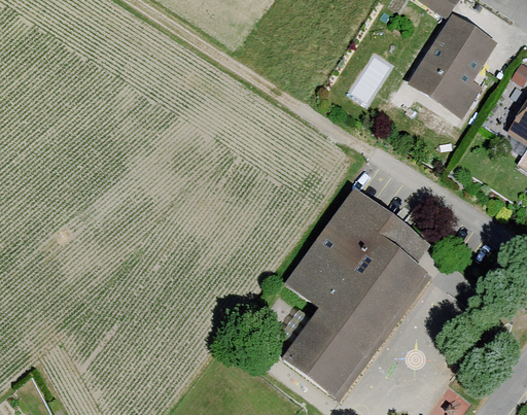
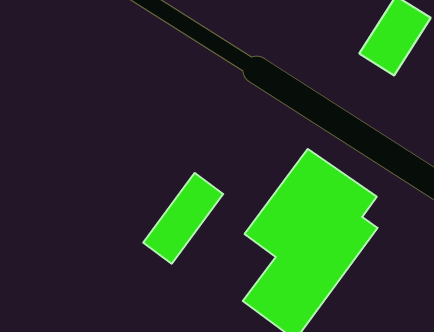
building: none -> [143,173,223,264]

